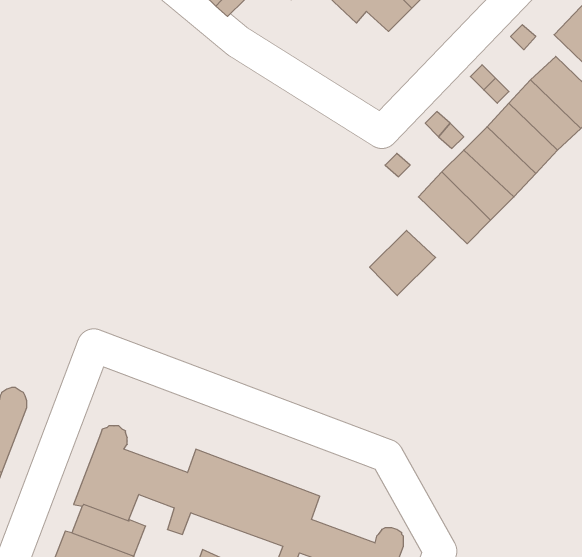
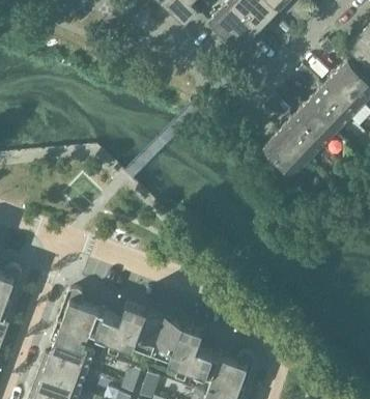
building: [370,230,436,296] -> none

